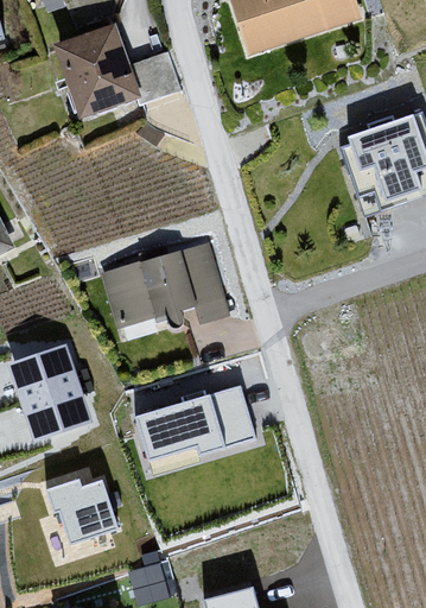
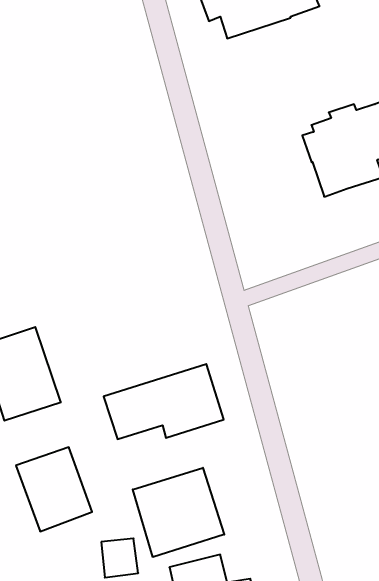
building: [59,27,180,114] -> none
building: [107,249,224,329] -> none
building: none -> [133,468,224,557]

